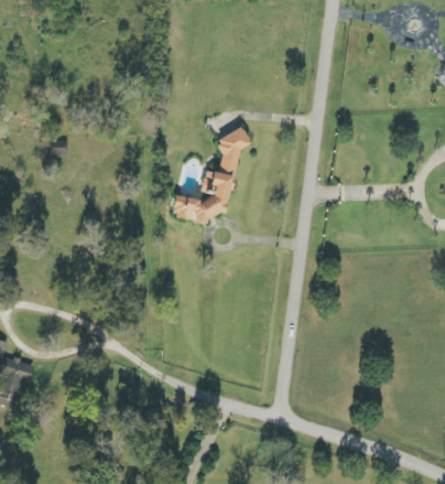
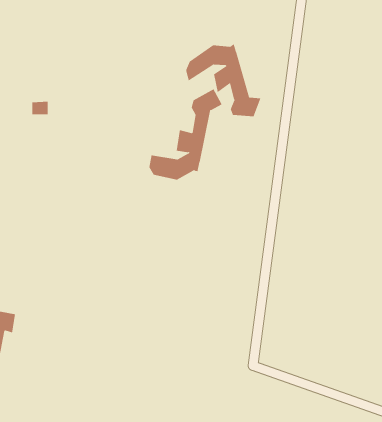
building: none -> [186,43,261,117]

